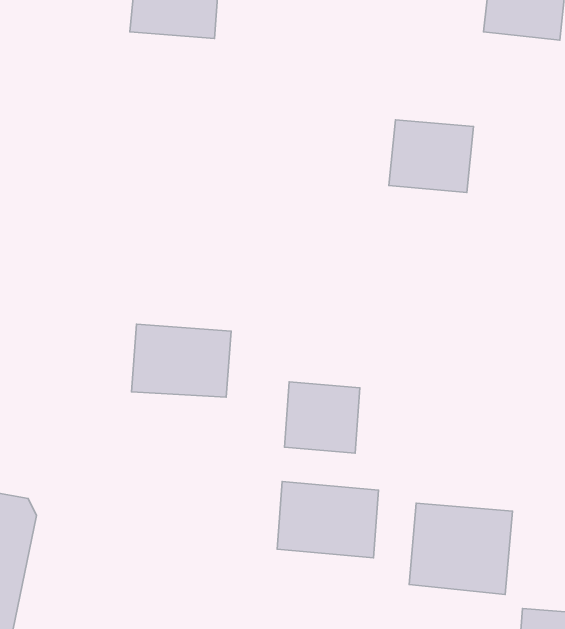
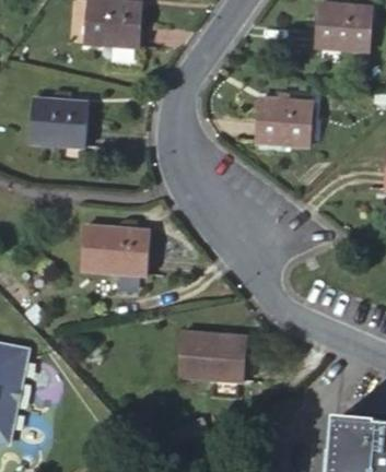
building: none -> [32,99,87,149]
building: [284,382,360,453] -> none
building: [409,503,513,595] -> none

